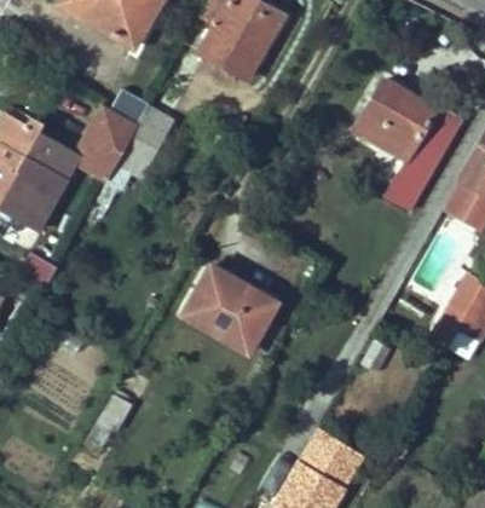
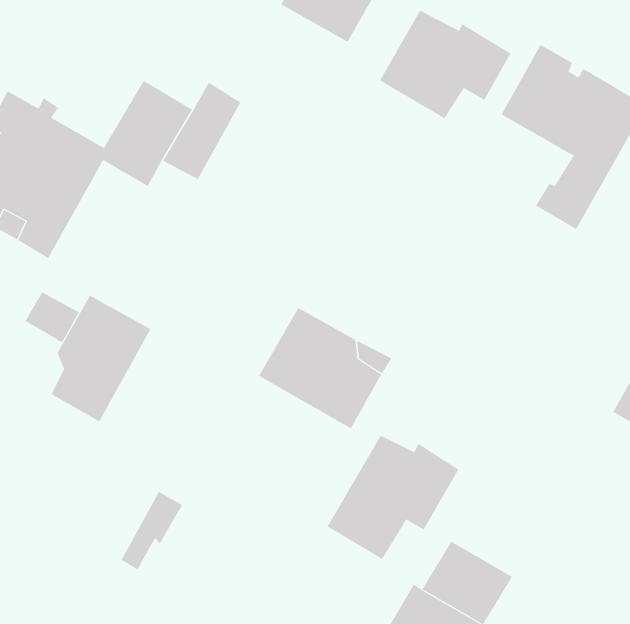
building: none -> [379,10,511,119]
building: none -> [51,295,151,422]
building: none -> [327,435,459,560]

